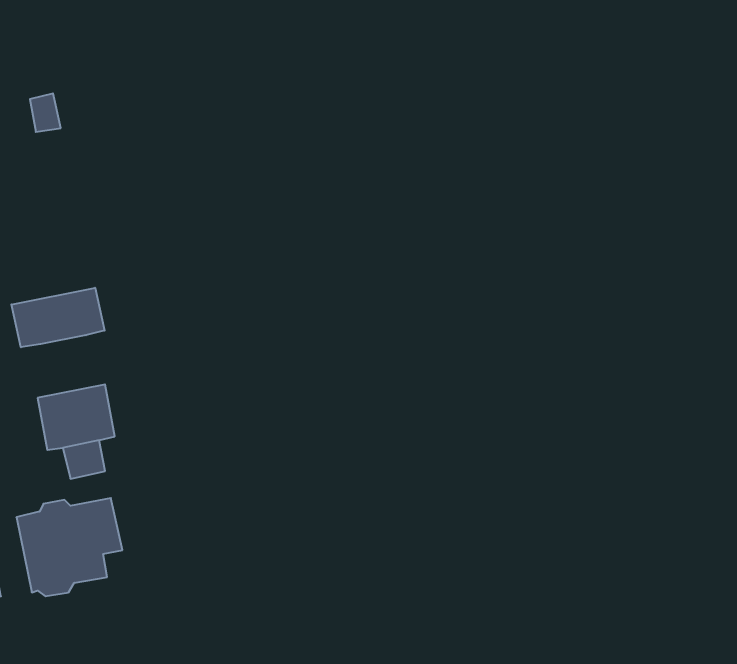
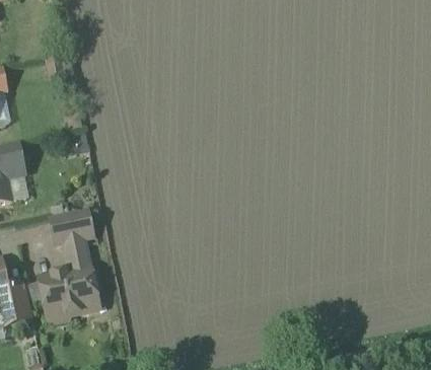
building: [11,288,105,347] -> none

